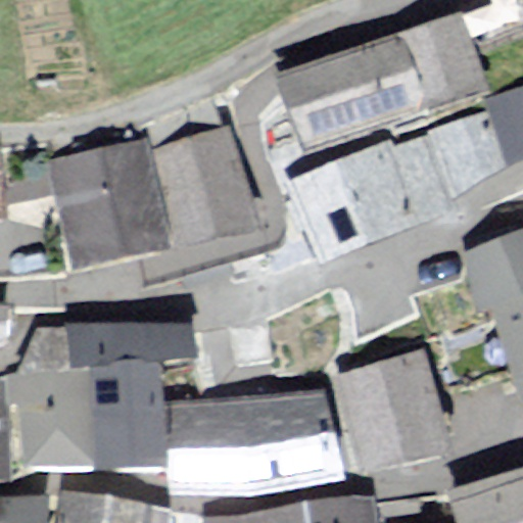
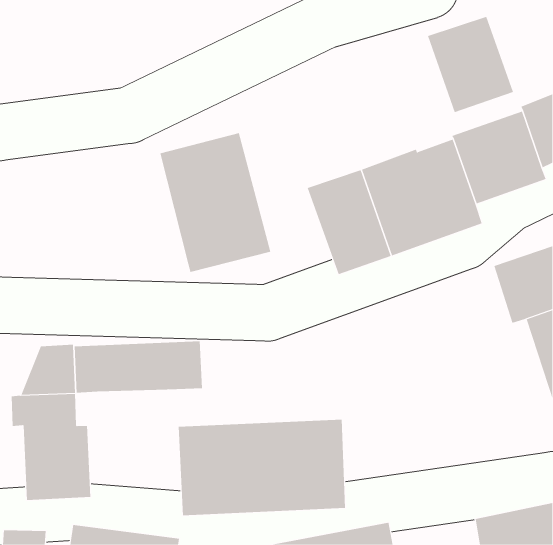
building: [283,34,428,147] -> none
building: [47,136,177,275] -> none
building: [341,355,442,472] -> none
building: [92,367,162,476] -> none

